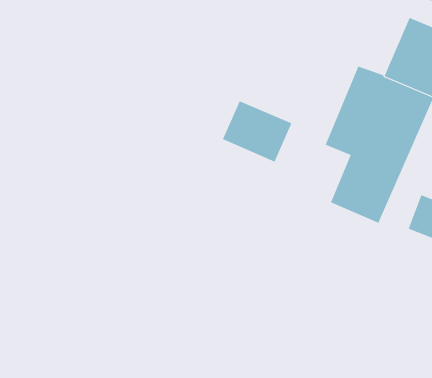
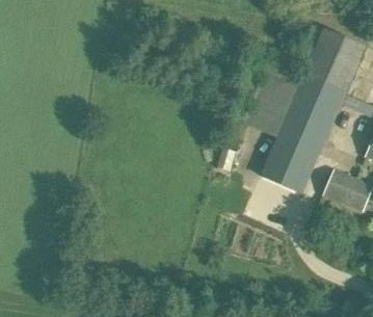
building: [222,101,292,163] -> none

